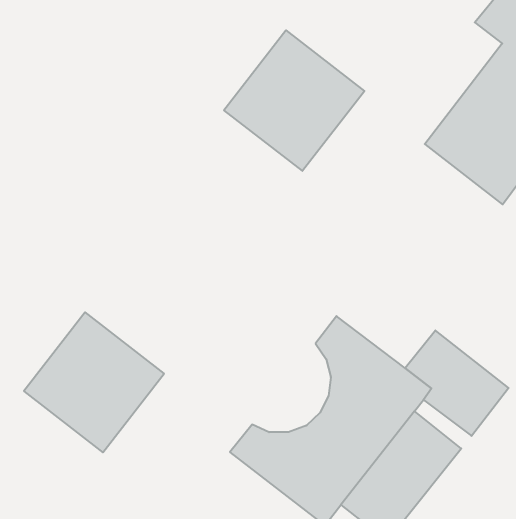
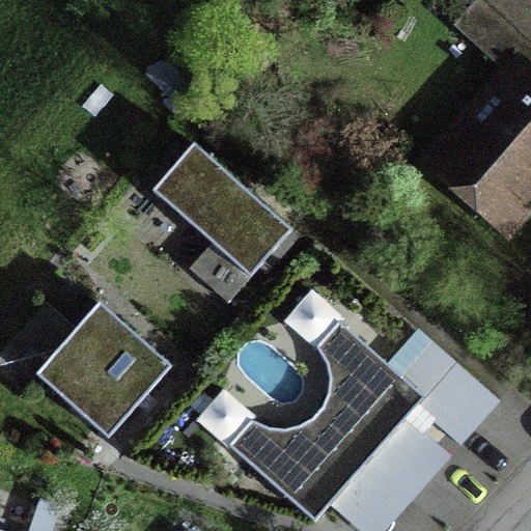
building: [224,30,364,171] -> none
building: none -> [153,144,291,303]

